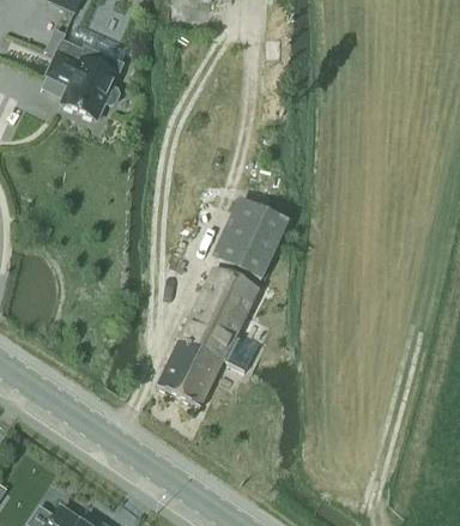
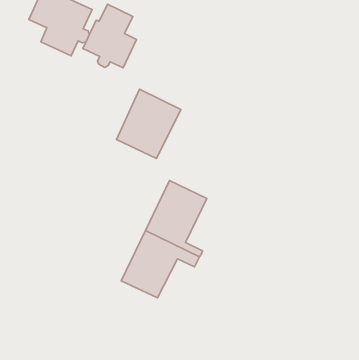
building: none -> [83,4,137,68]
building: [212,195,289,278] -> [116,89,181,159]

